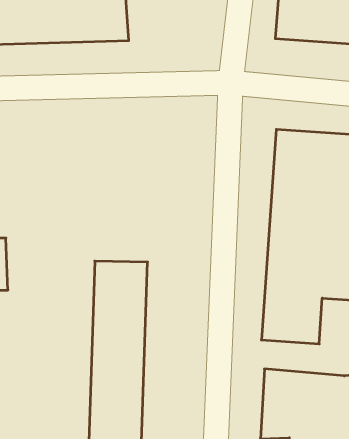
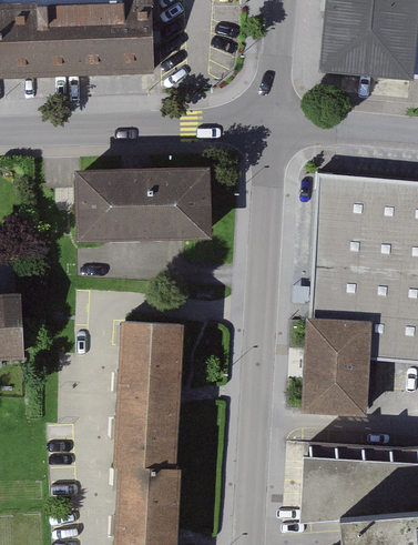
building: none -> [73,172,217,244]

